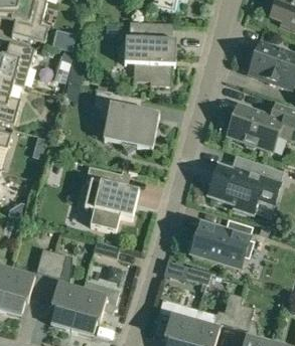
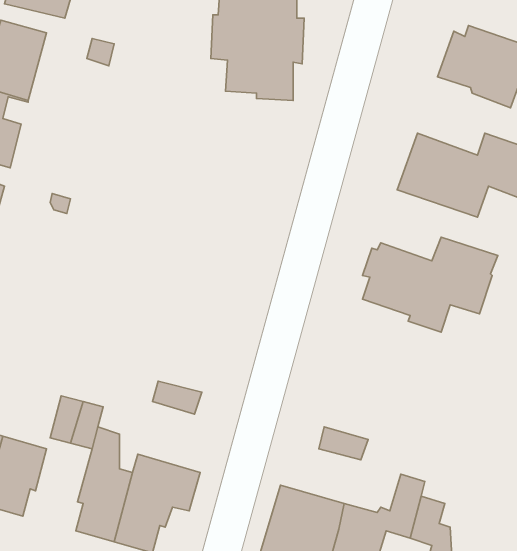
building: [94,89,159,149] -> none
building: [85,166,139,231] -> none
building: [187,219,253,269] -> none

